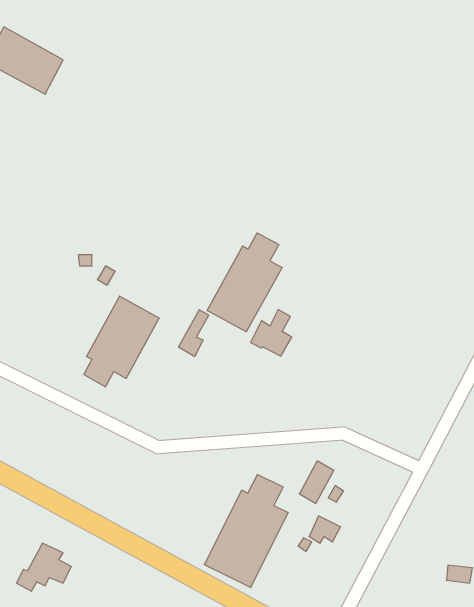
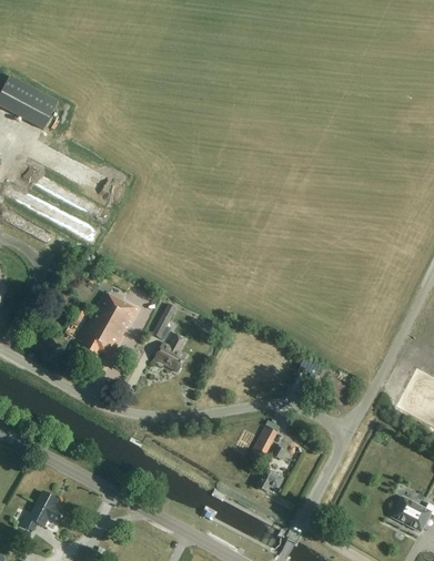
building: [207,233,282,332] -> none
building: [251,310,292,356] -> [154,332,188,369]
building: [204,474,288,588] -> none

